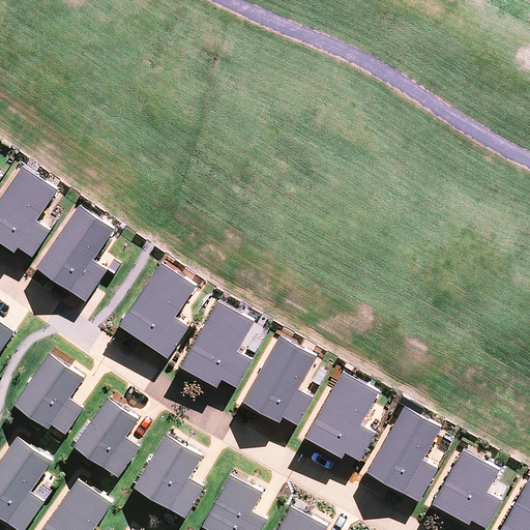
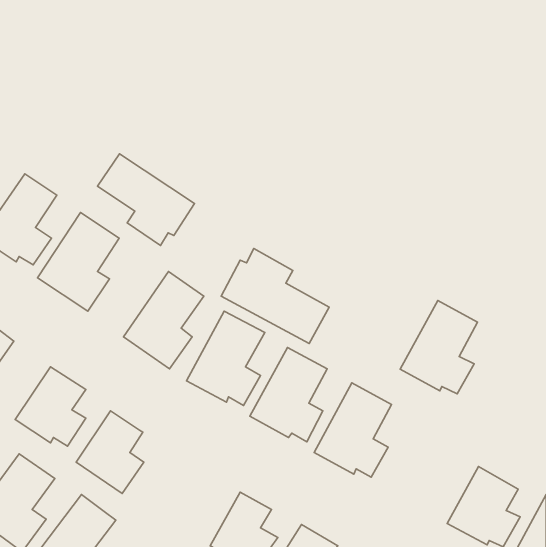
building: none -> [98,154,195,246]
building: none -> [221,248,329,344]
building: [367,408,442,498] -> [400,301,477,394]
building: [135,436,203,517] -> none

